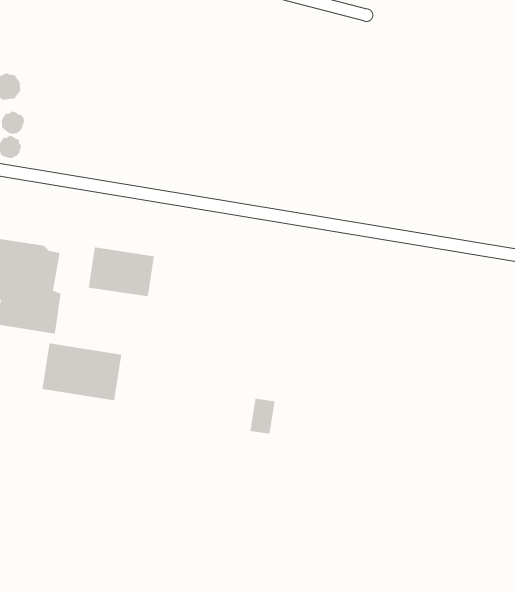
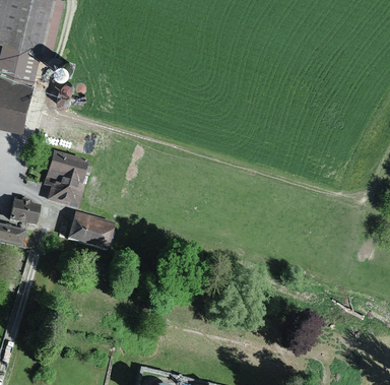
building: [88,247,155,297] -> none

